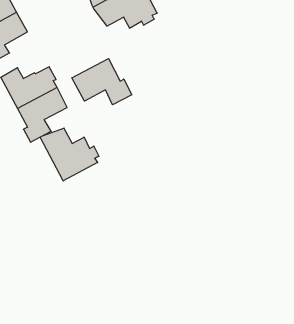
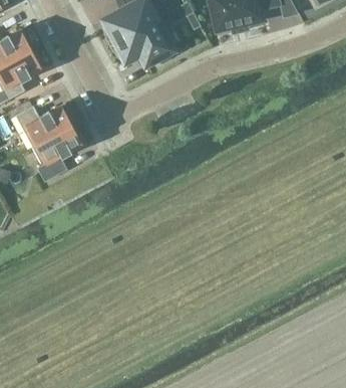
building: [72,59,132,105] -> none
building: [40,128,99,181] -> none

